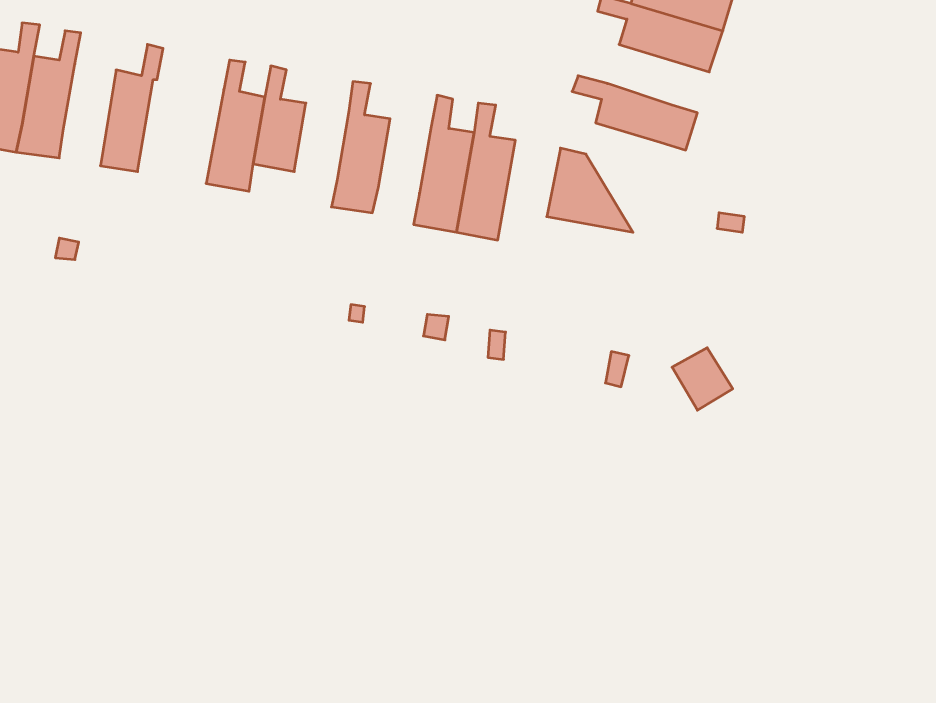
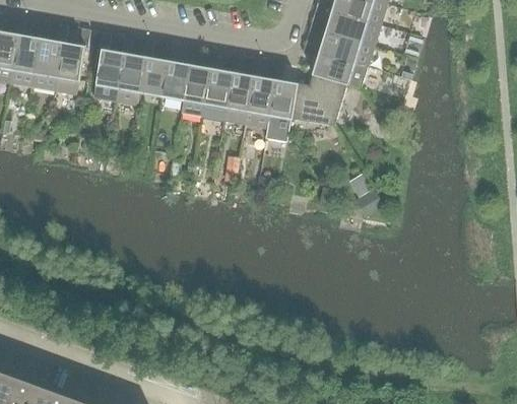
building: none -> [307,24,372,65]
building: none -> [35,25,67,92]
building: none -> [91,33,120,102]
building: none -> [156,45,185,99]
building: none -> [200,53,228,107]
building: none -> [261,64,295,140]
building: none -> [308,70,346,127]

